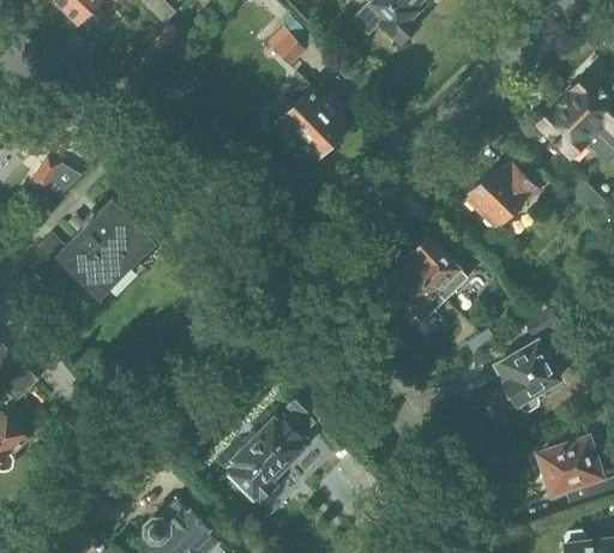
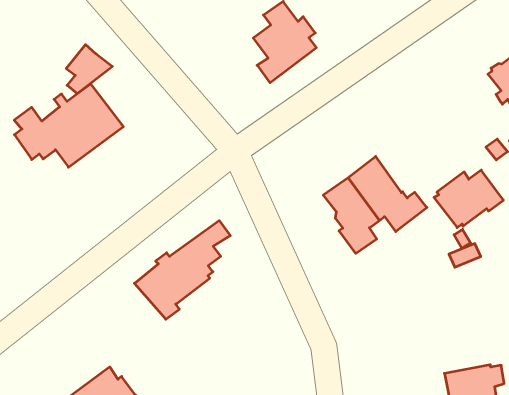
building: [31,156,80,210] -> [66,45,112,93]
building: [465,162,541,228] -> [434,170,503,228]
building: [496,342,560,413] -> none
building: [228,384,324,499] -> [134,221,230,319]

